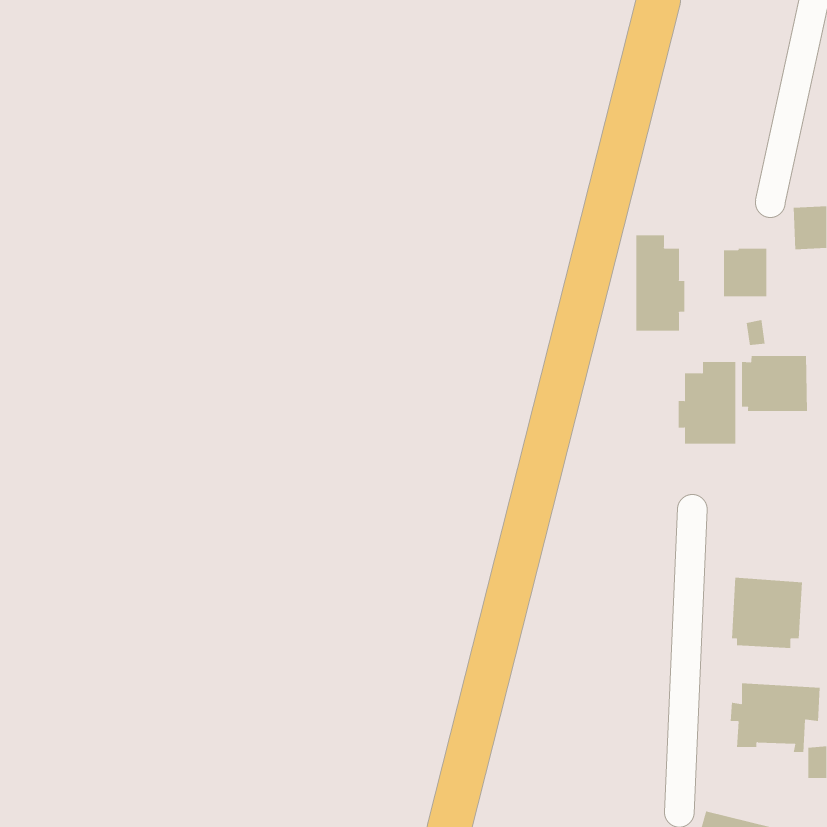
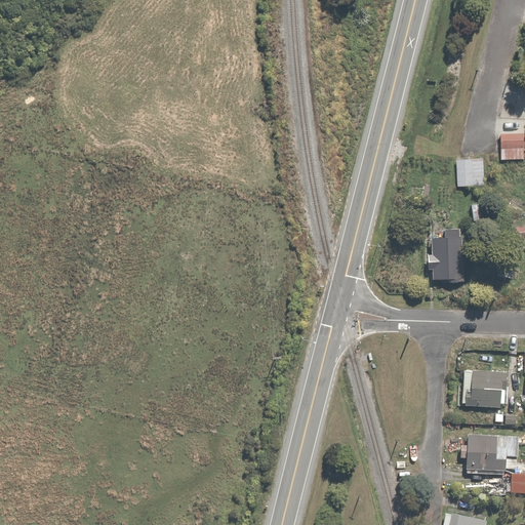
building: [636,235,685,332] -> none
building: [741,355,807,412] -> none

